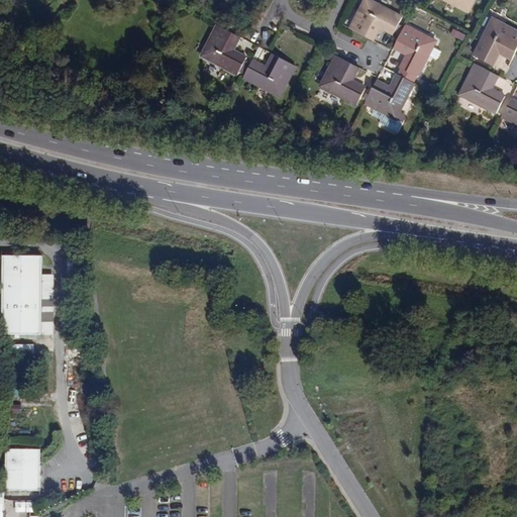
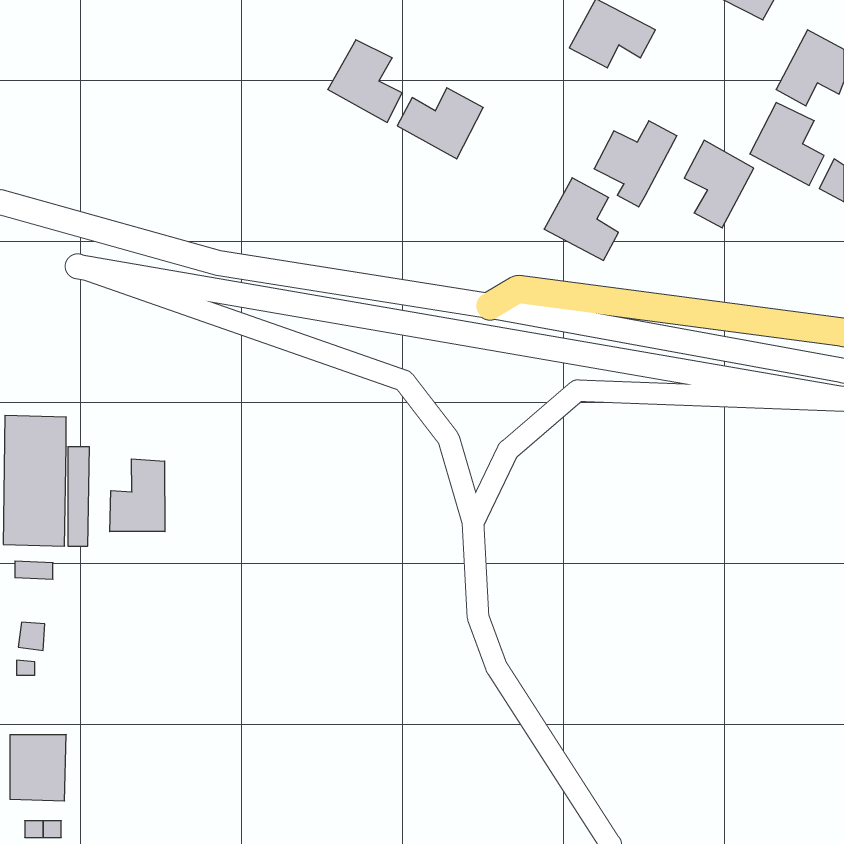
building: [393,23,435,77] -> [684,140,754,228]
building: [319,51,365,102] -> [544,178,618,260]
building: none -> [110,459,165,532]

